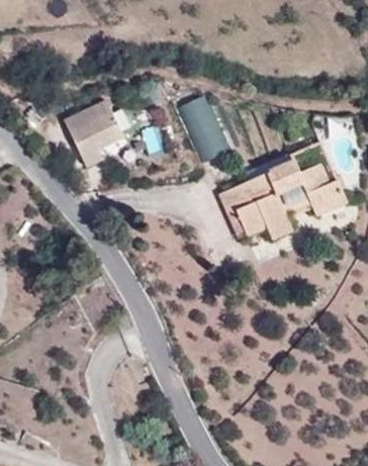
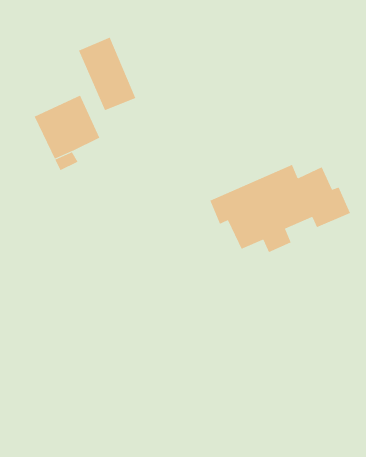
building: [178,92,229,158] -> [78,37,136,111]

